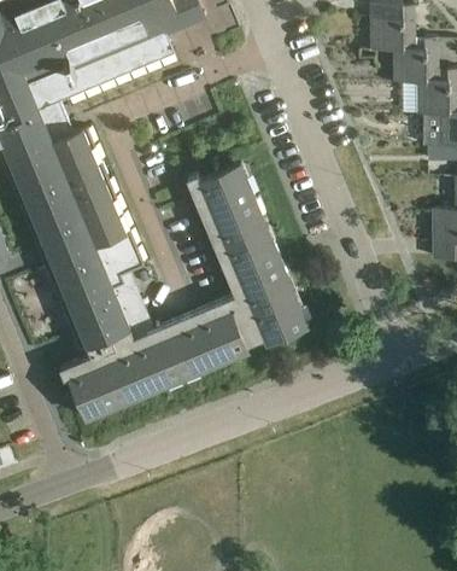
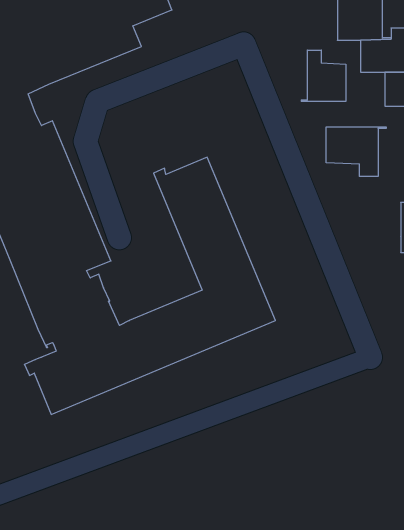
building: none -> [301,50,346,101]
building: none -> [326,127,386,176]

